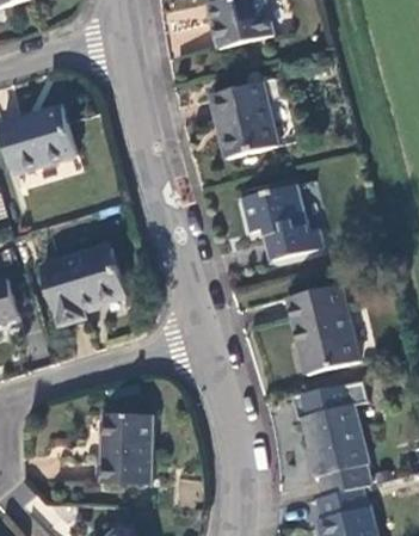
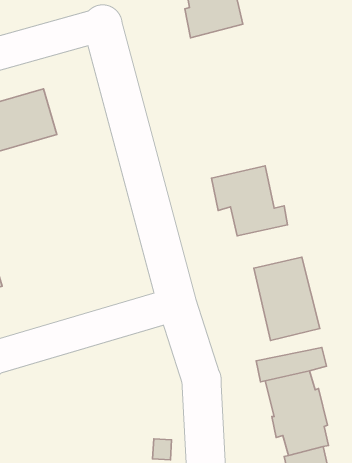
building: [212,84,278,159] -> none
building: [42,245,125,324] -> none
building: [100,412,153,482] -> none

